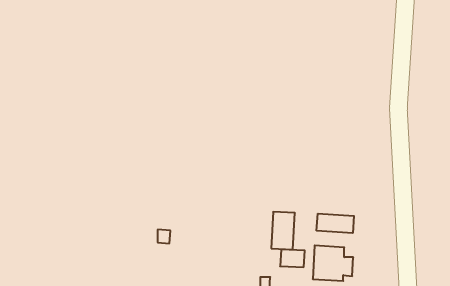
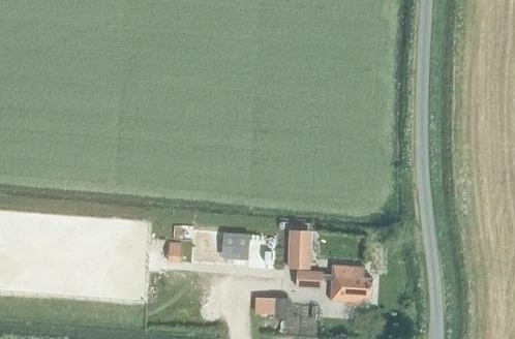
building: none -> [228,229,260,258]
building: [317,214,354,233] -> none

